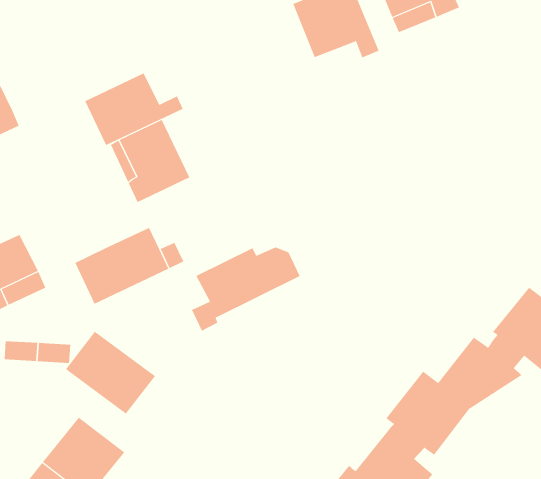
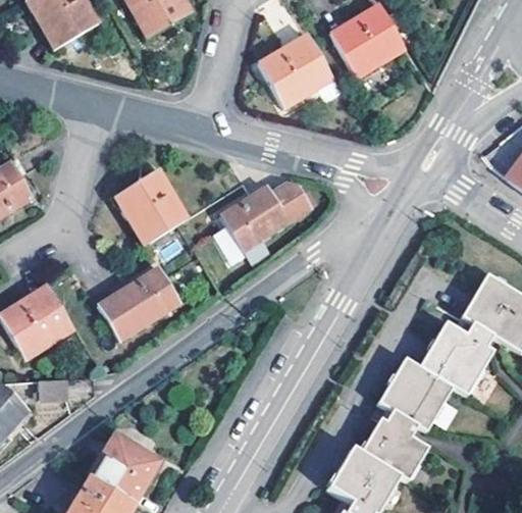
building: [85,73,184,146] -> none
building: [191,247,300,331] -> [218,185,308,265]
building: [65,331,156,415] -> none

